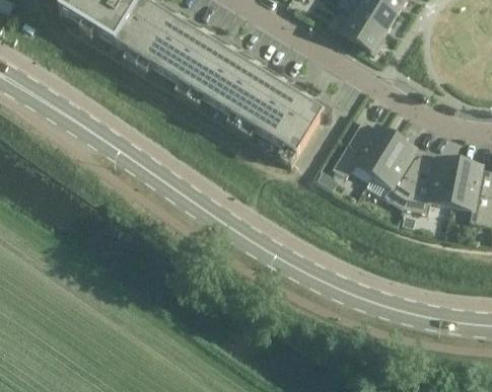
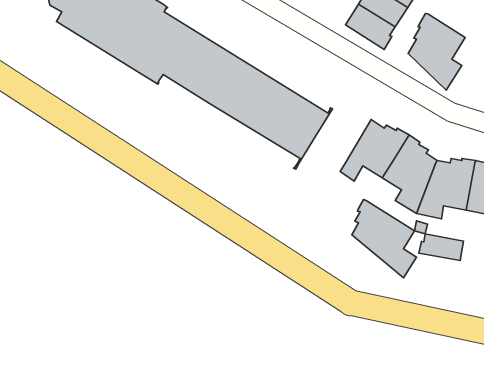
building: none -> [408,13,465,90]
building: none -> [352,200,417,278]
building: none -> [419,234,464,260]

